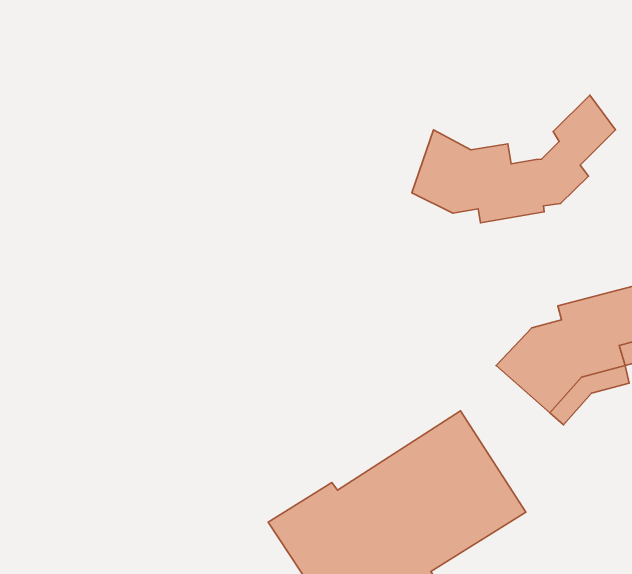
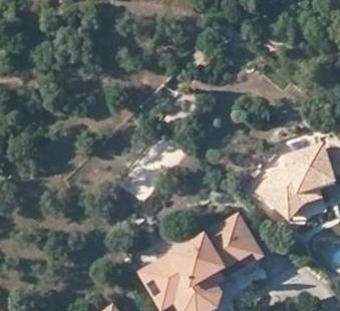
building: [412,95,615,223] -> none

